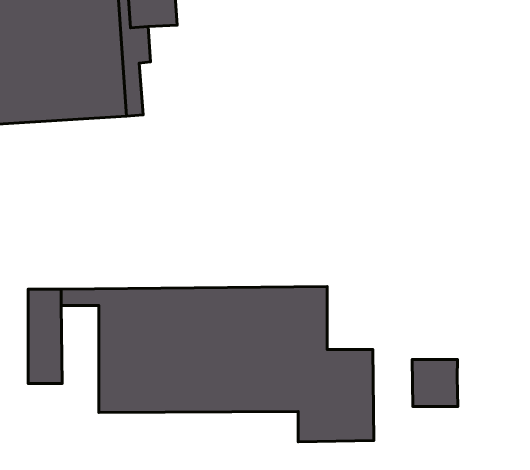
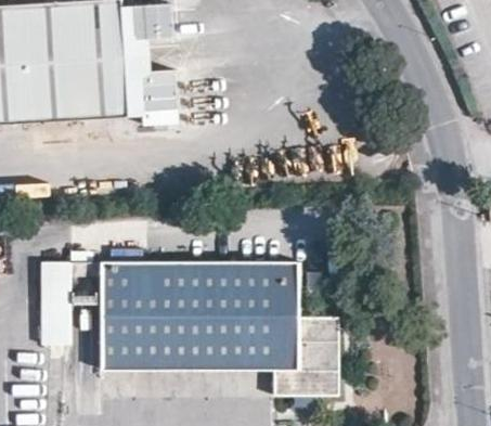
building: none -> [137,67,175,122]
building: [412,360,458,407] -> none

